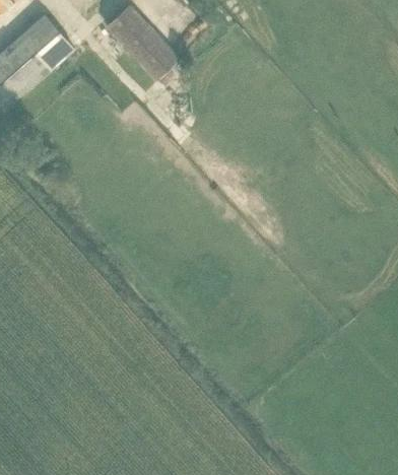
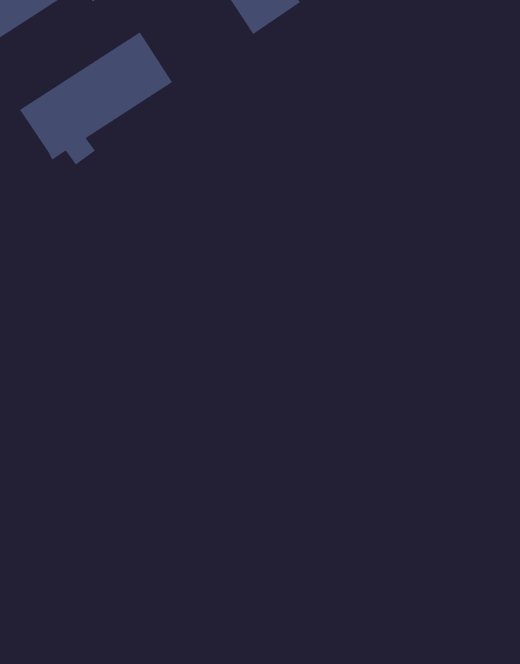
building: none -> [19,31,173,165]

